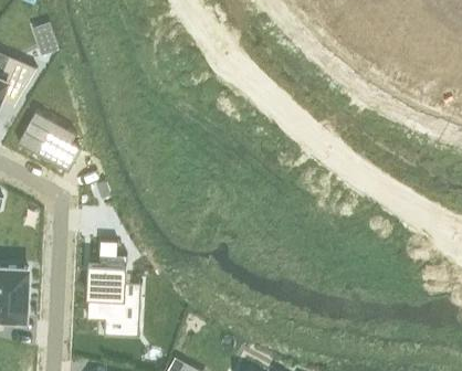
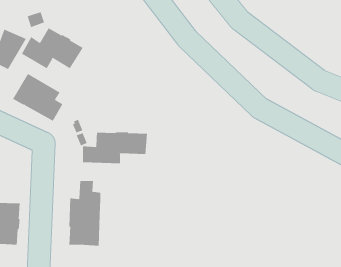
building: none -> [21,27,83,69]
building: none -> [83,132,148,164]

